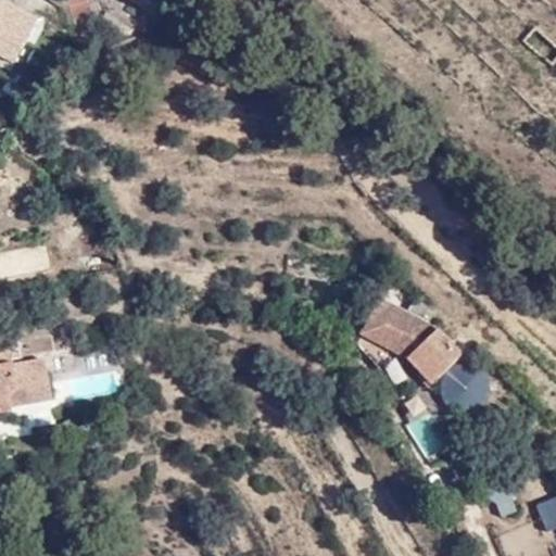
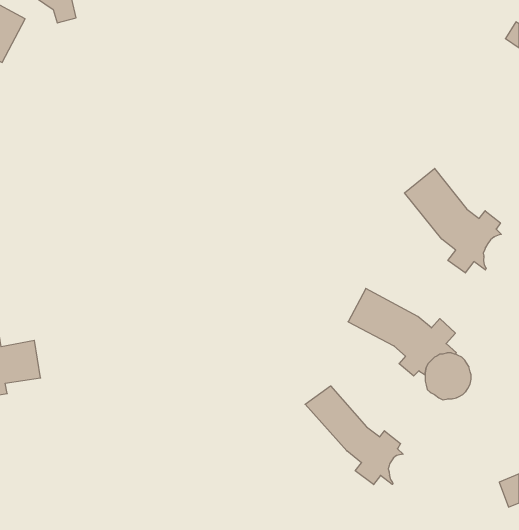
building: none -> [404,168,501,273]
building: none -> [305,386,403,485]

